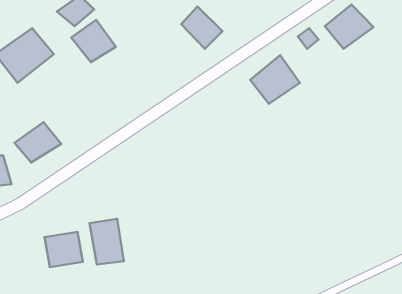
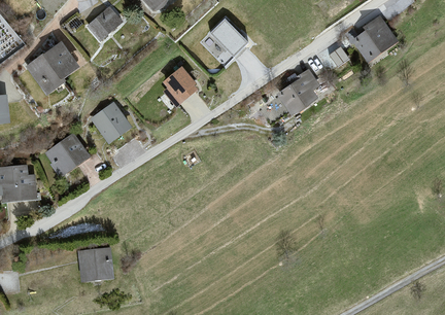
building: [71,20,116,62] -> [157,64,201,106]
building: none -> [90,103,133,142]
building: [89,219,124,264] -> none

